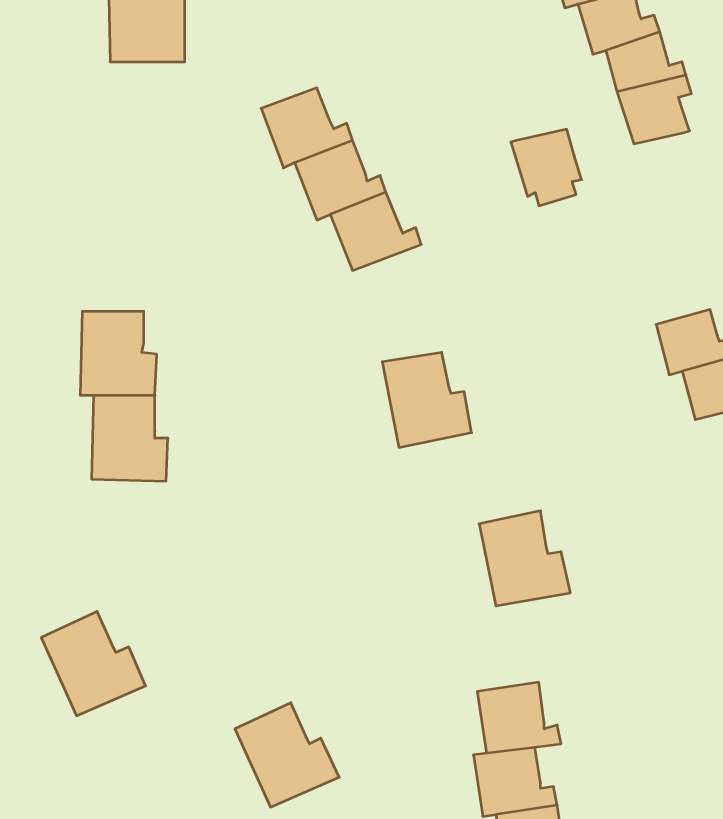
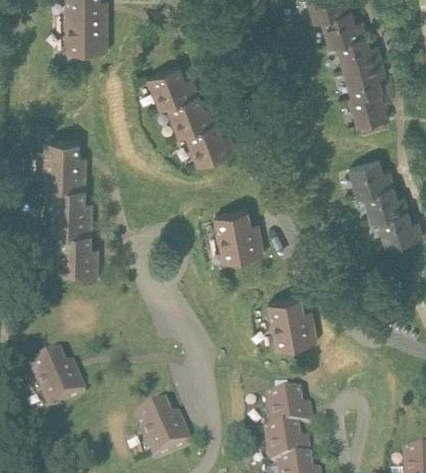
building: [511,129,582,206] -> [349,90,387,132]
building: none -> [44,140,85,188]
building: none -> [349,160,393,197]

